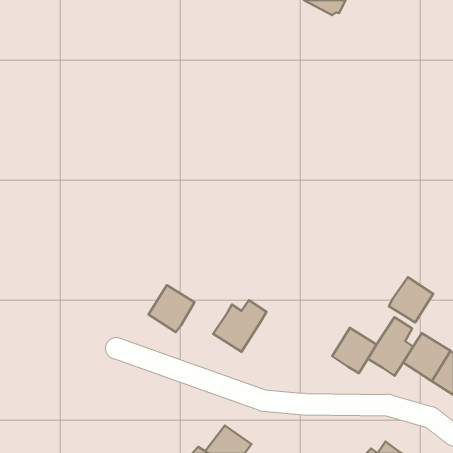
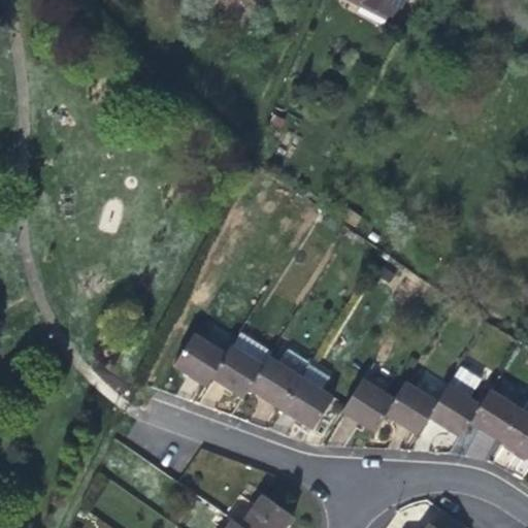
building: [389,277,433,322] -> none
building: none -> [211,331,272,398]
building: none -> [282,375,334,430]
building: none -> [341,376,397,433]

